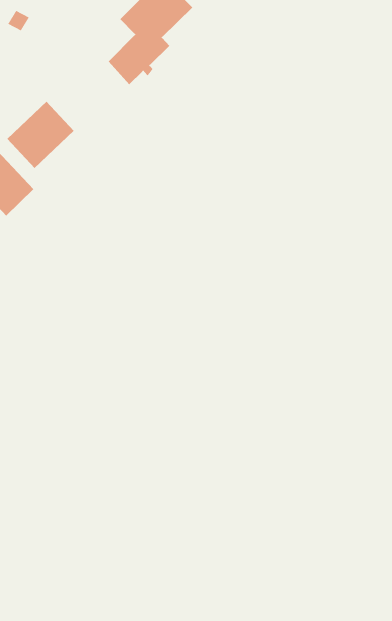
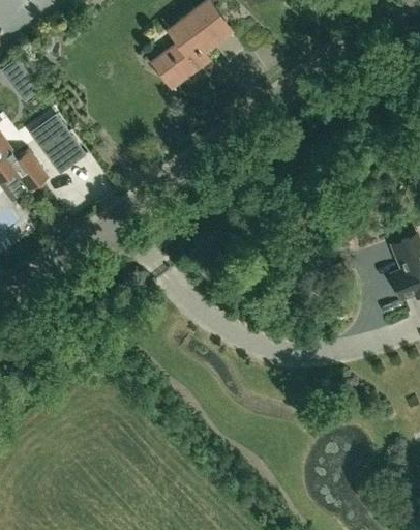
building: [7,101,74,169] -> none

